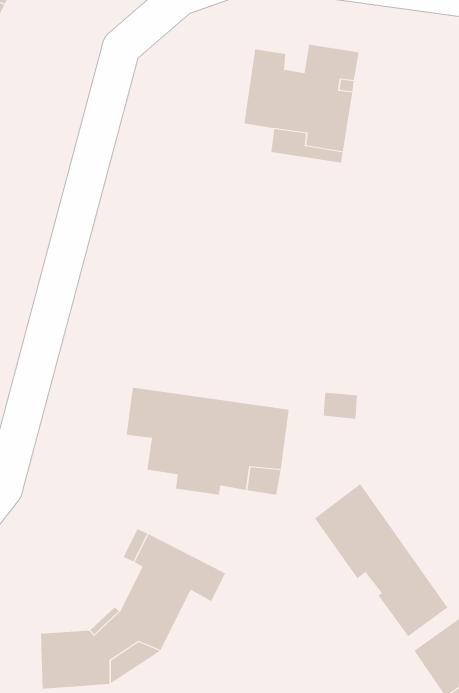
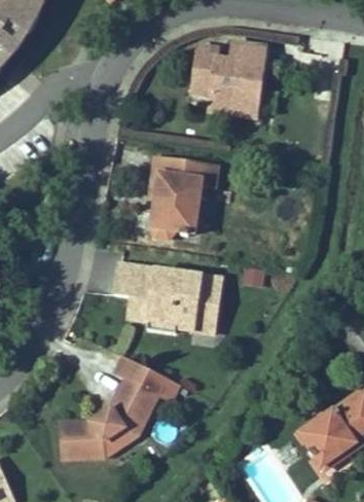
building: none -> [150,155,205,239]
building: [314,483,448,637] -> none

